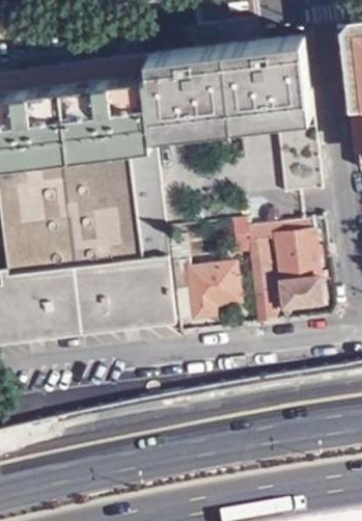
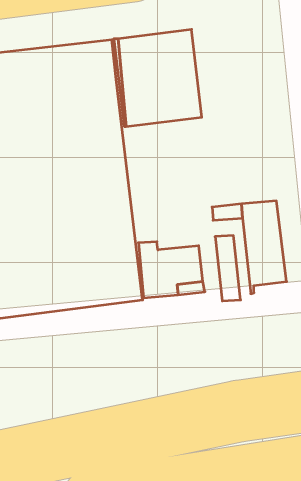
building: [225,37,321,194] -> none

